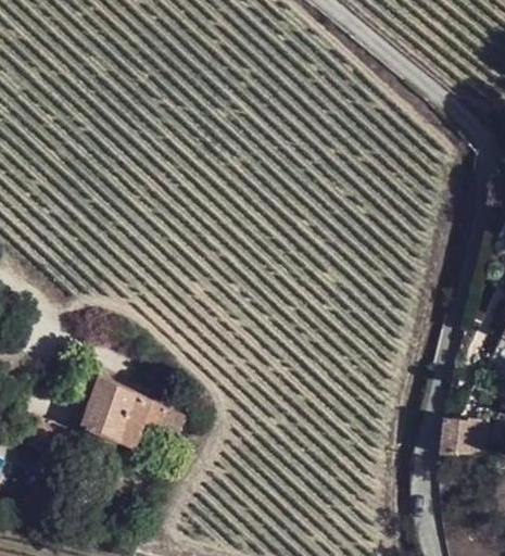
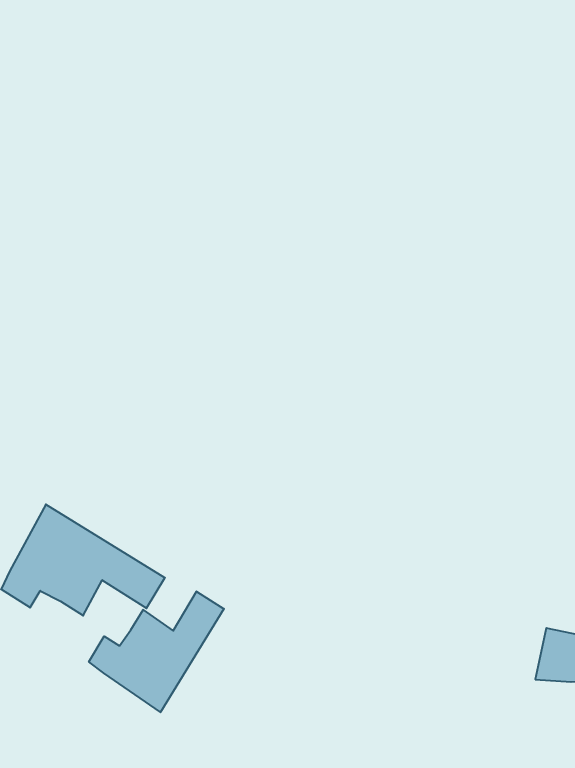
building: none -> [89,591,224,712]

